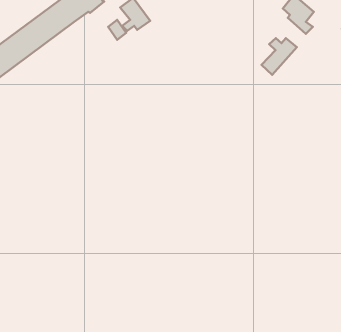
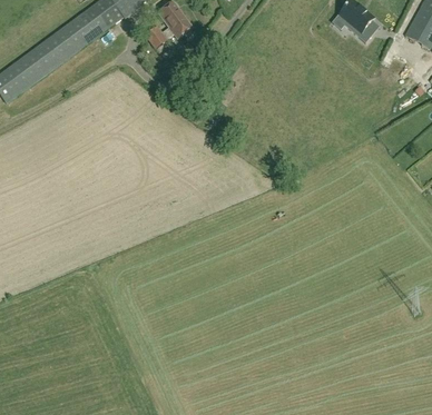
building: [262,38,297,75] -> none

